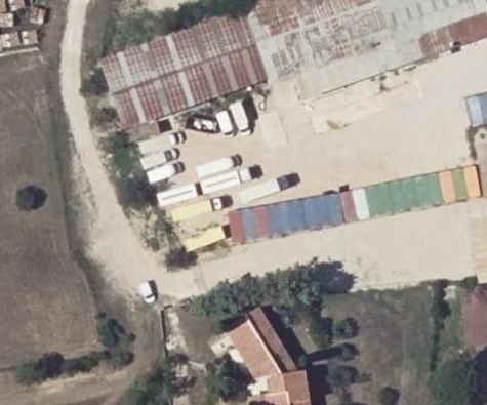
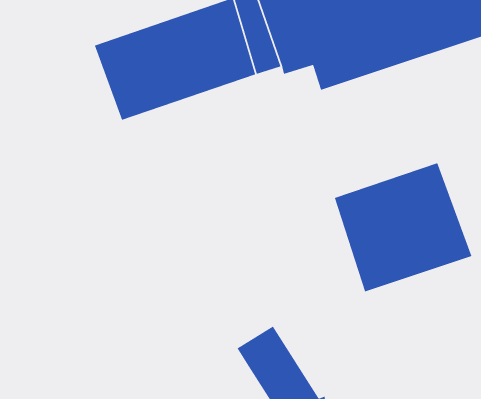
building: none -> [334,162,472,293]

